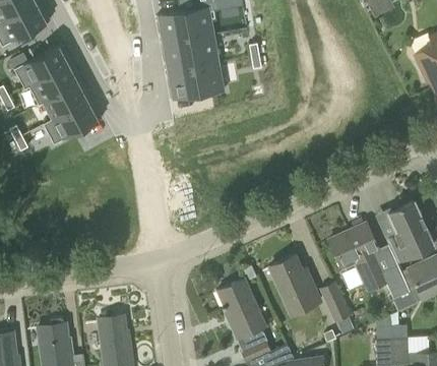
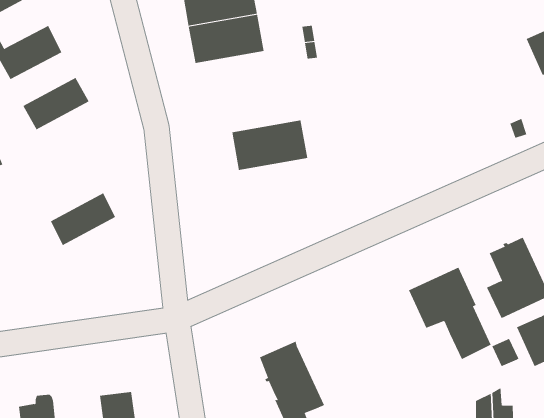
building: [169,63,226,101] -> [231,120,308,170]
building: [32,64,80,104] -> none
building: [51,101,100,140] -> [50,192,116,246]
building: [269,256,319,315] -> none
building: [318,282,350,323] -> none

